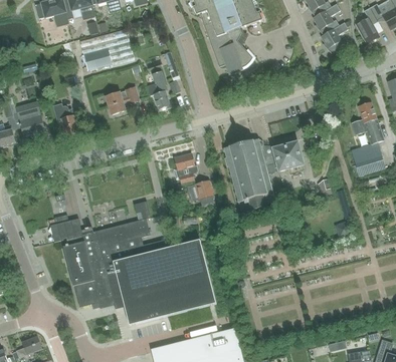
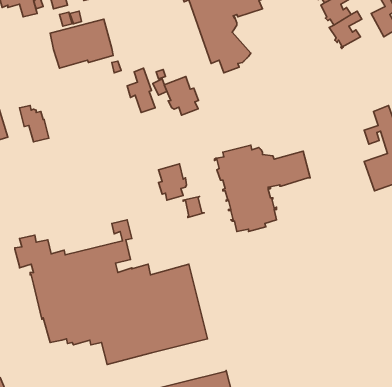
building: none -> [164,77,198,115]
building: [105,86,138,113] -> none

